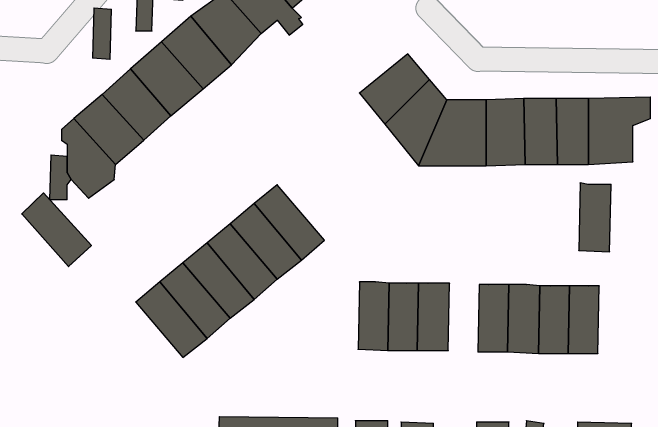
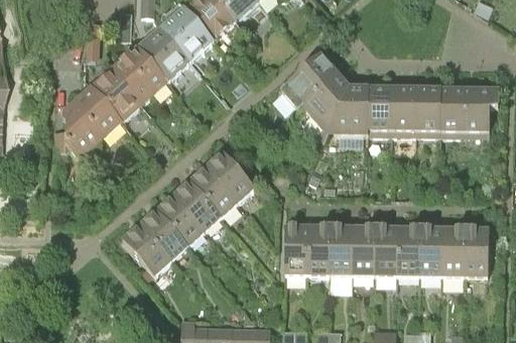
building: [579,183,611,252] -> [463,227,487,278]
building: [22,193,91,267] -> none
building: none -> [351,225,374,276]

